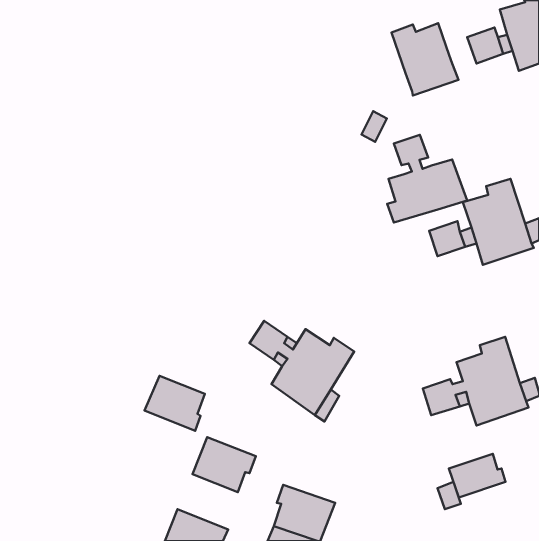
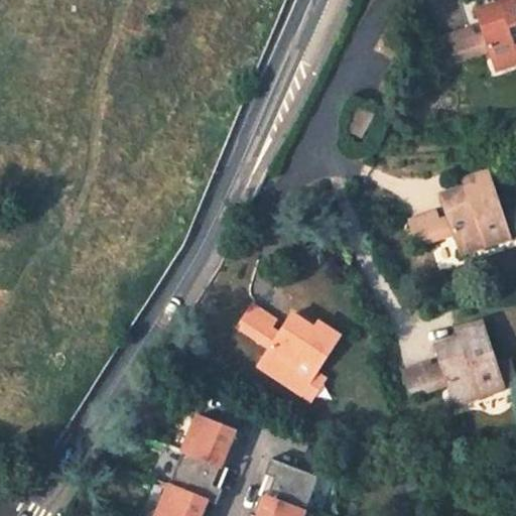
building: [391,23,458,96] -> none
building: [387,135,467,223] -> none
building: [145,376,205,431] -> [169,452,227,504]
building: [449,454,506,497] -> none

